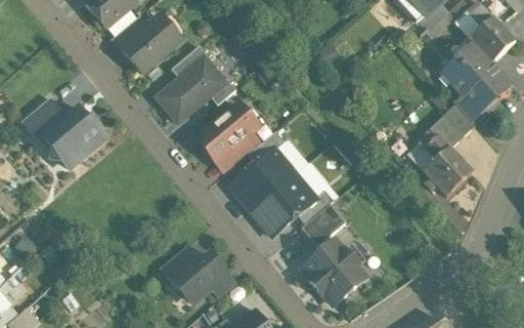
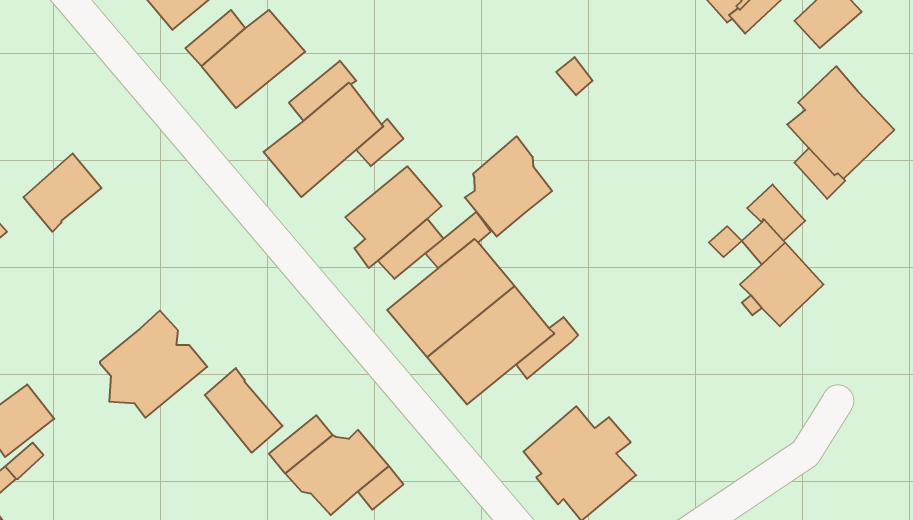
building: [470,16,515,61] -> none
building: none -> [465,136,552,237]
building: [43,106,103,166] -> [100,311,207,418]
building: [301,203,346,246] -> none
building: none -> [205,368,283,453]

